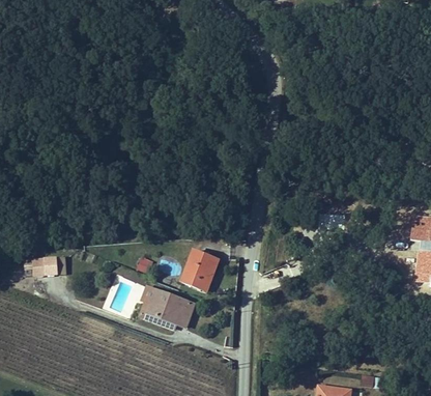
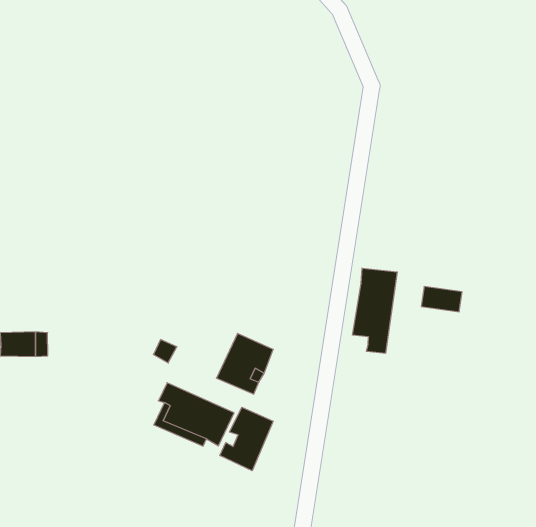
building: none -> [353,268,397,353]
building: none -> [220,407,273,471]

